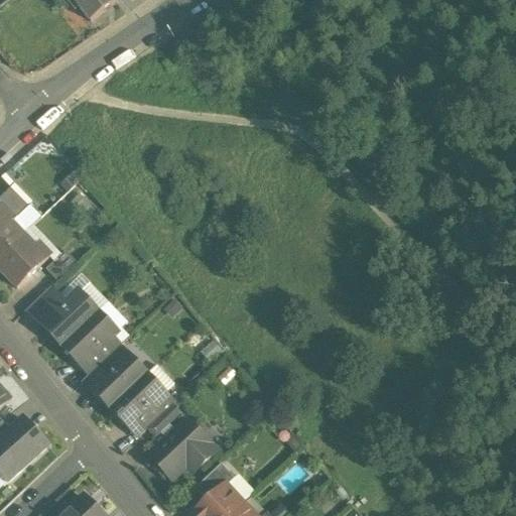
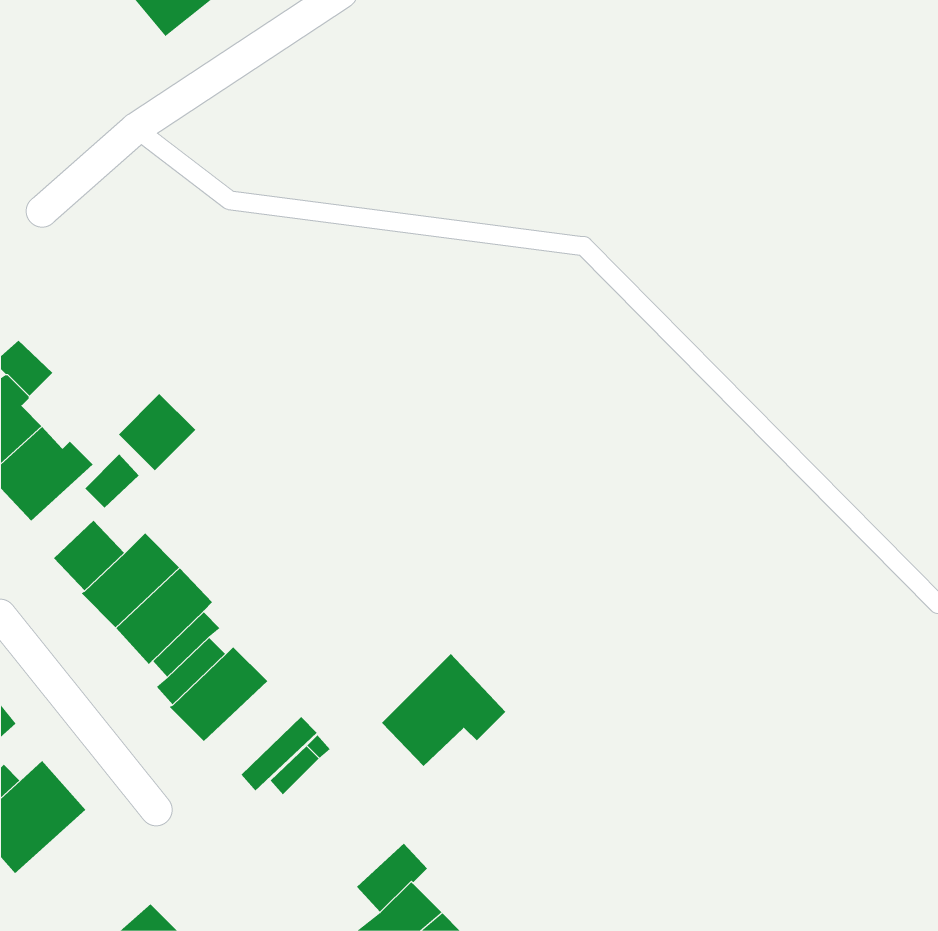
building: none -> [118,393,196,471]
building: [112,374,165,426] -> none
building: [149,417,218,480] -> [381,653,506,767]

